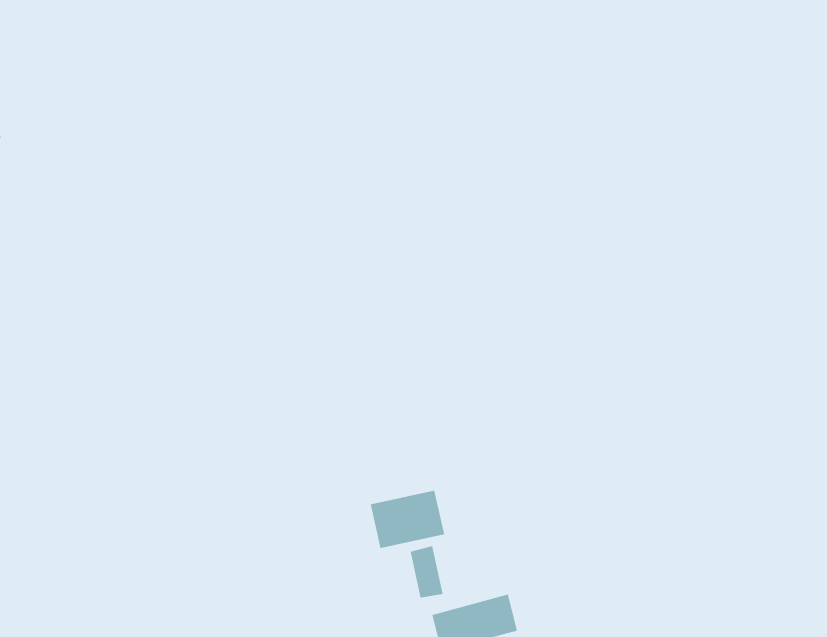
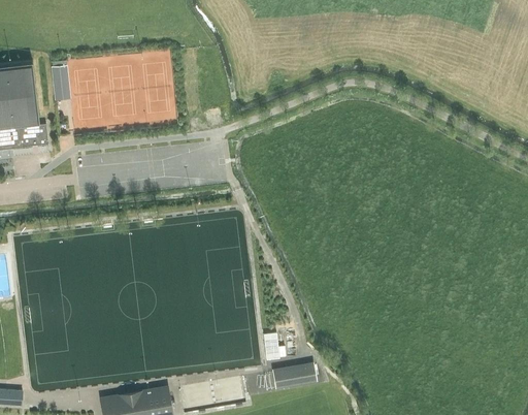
building: [370,490,445,549] -> none

